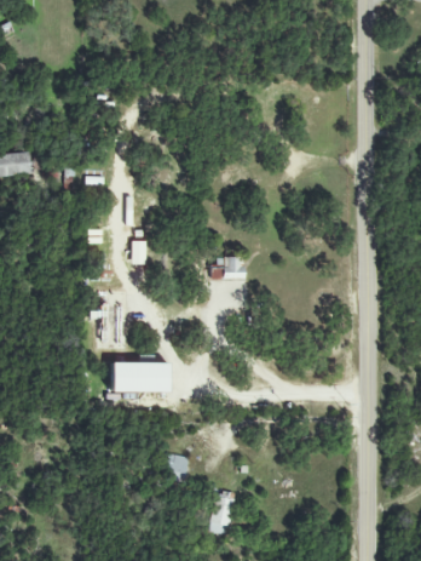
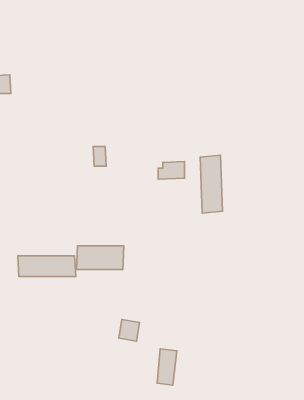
building: none -> [200,155,223,213]
building: none -> [18,256,76,277]

